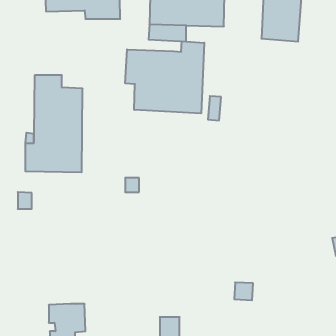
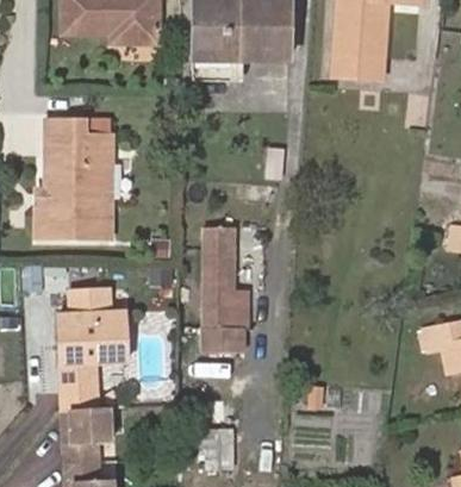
building: [125,41,204,113] -> none
building: none -> [200,225,247,349]
building: none -> [62,289,130,410]

